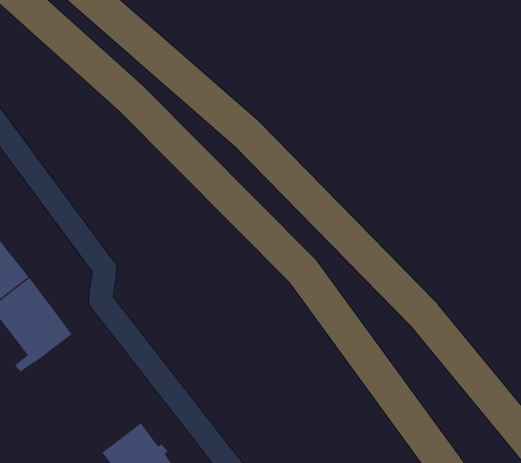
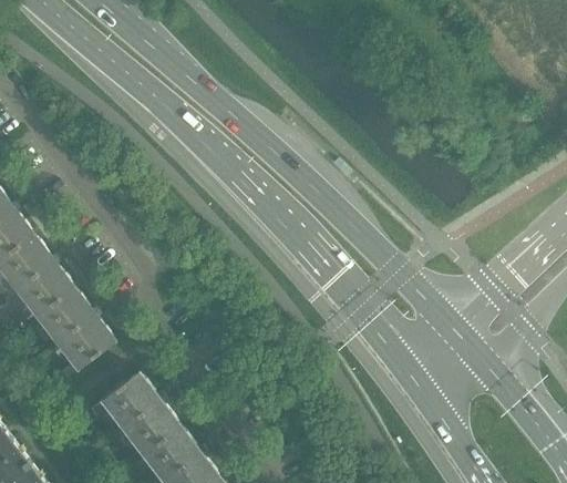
building: none -> [90,372,181,455]

